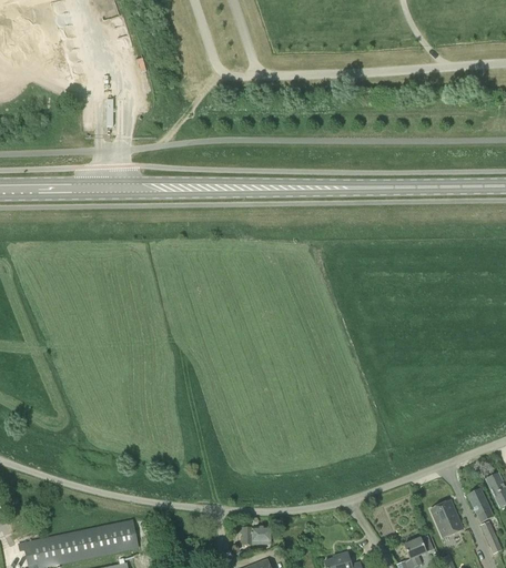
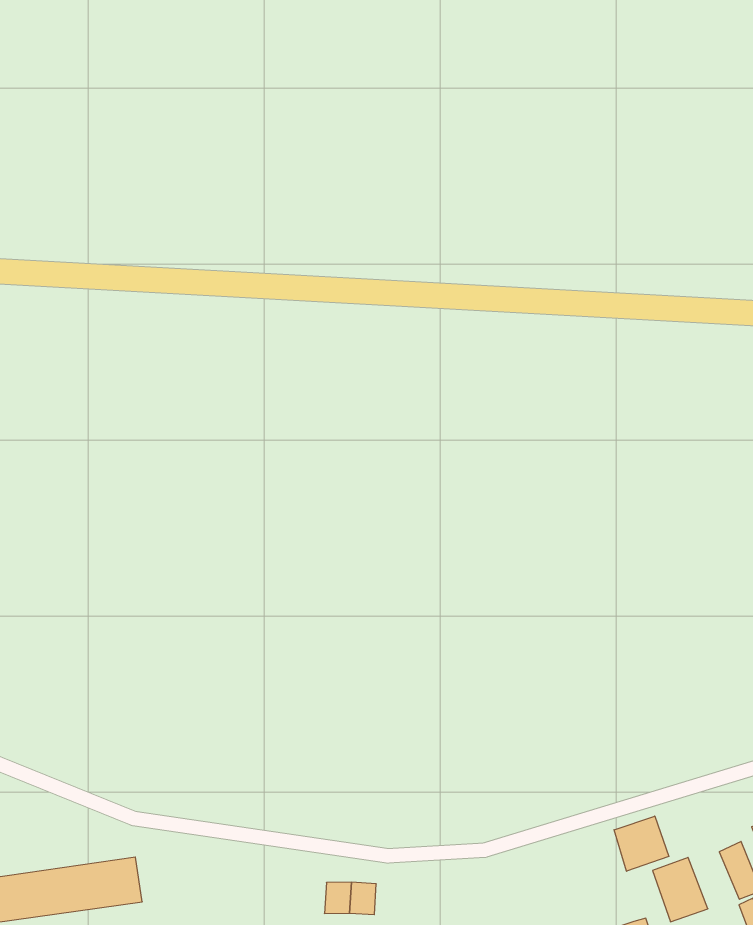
building: none -> [614,816,669,871]

